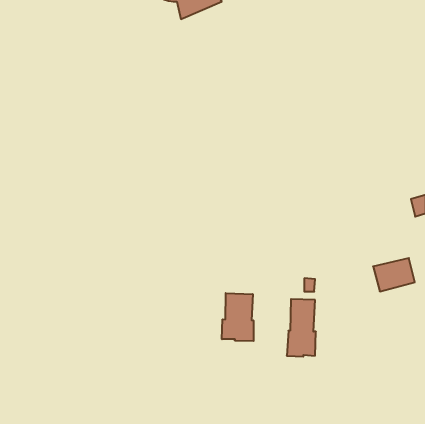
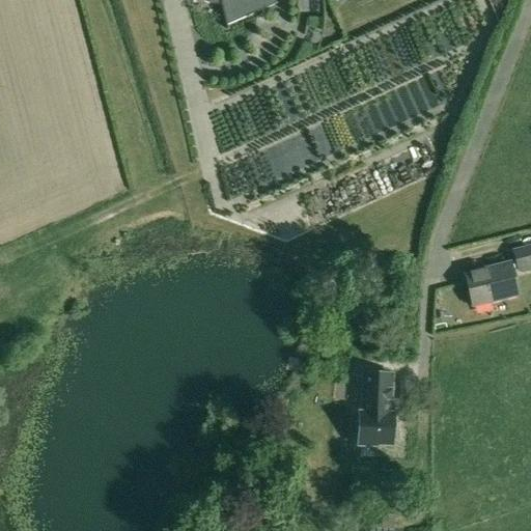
building: [373,258,415,291] -> [466,262,518,304]
building: [222,293,254,341] -> none

